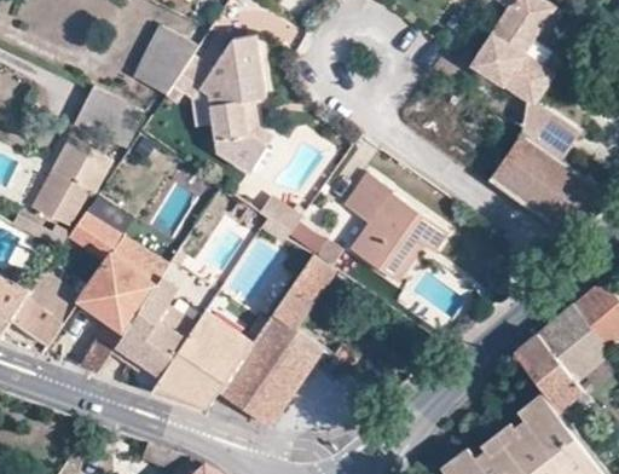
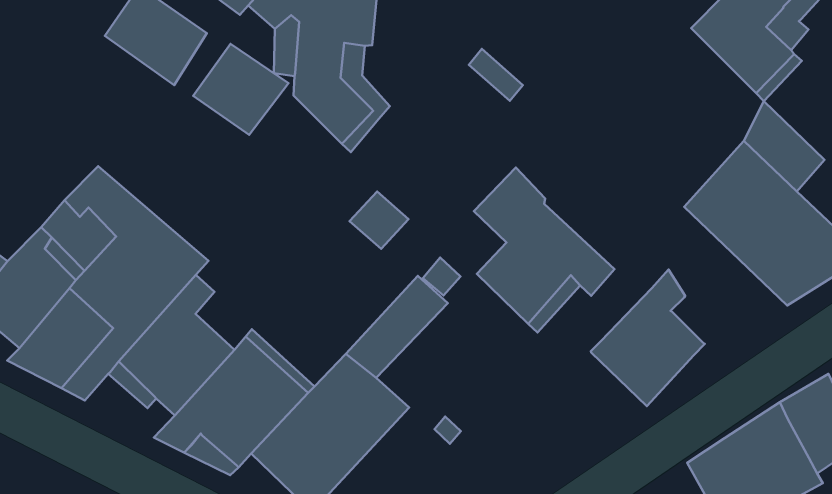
building: none -> [193,44,289,135]
building: [53,138,110,190] -> none
building: [34,174,88,225] -> none
building: none -> [591,270,705,406]

